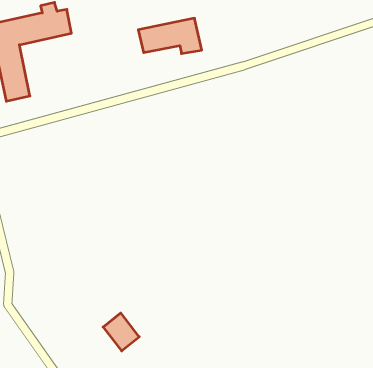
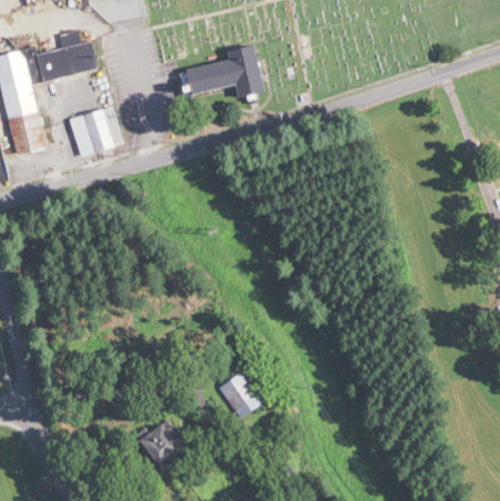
building: none -> [70,106,123,156]
building: none -> [217,372,260,418]

